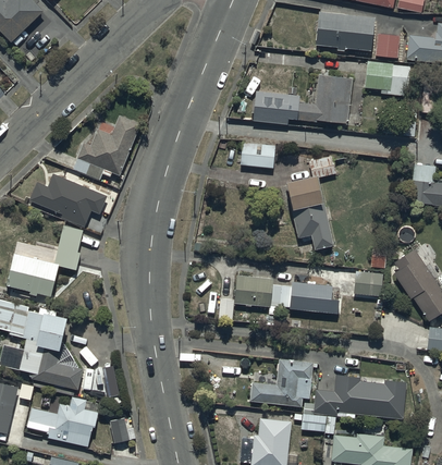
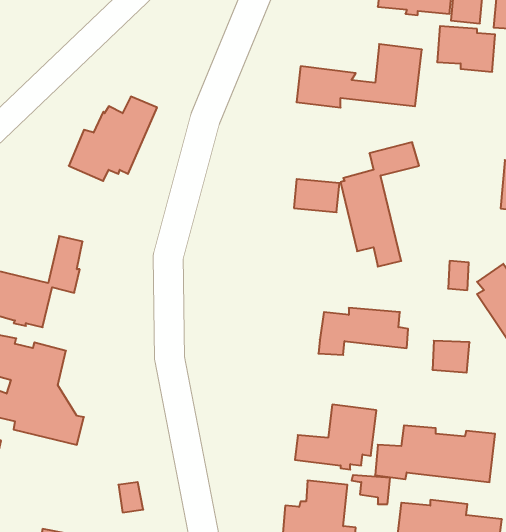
building: [240,144,275,170] -> [294,179,339,212]
building: [29,174,107,228] -> none
building: [354,271,383,296] -> [432,341,470,373]
building: [219,274,273,320] -> none
building: [27,397,99,449] -> none

